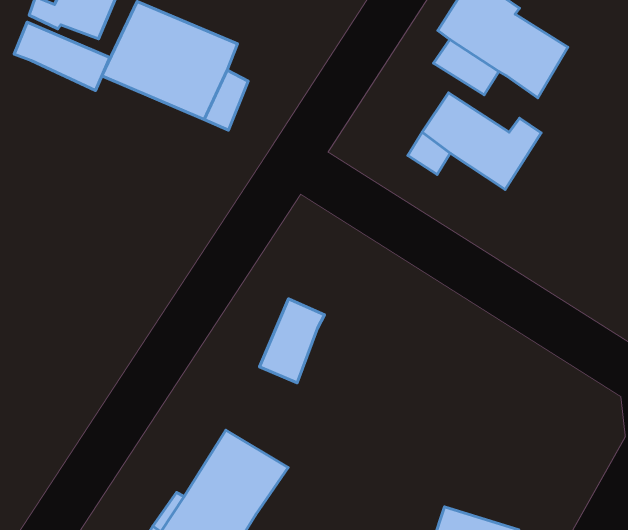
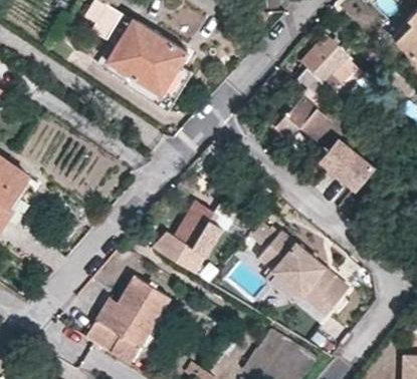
building: [14,22,110,90] -> none
building: none -> [321,142,373,193]
building: none -> [153,221,222,272]
building: none -> [260,234,350,316]

